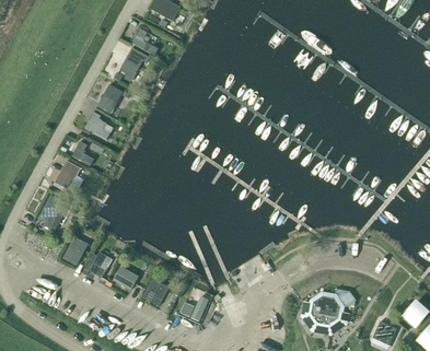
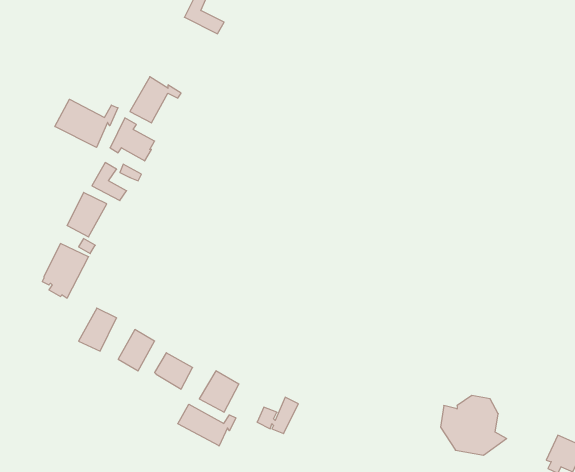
building: [119,47,149,81] -> none
building: none -> [55,99,118,147]
building: none -> [178,404,236,446]

